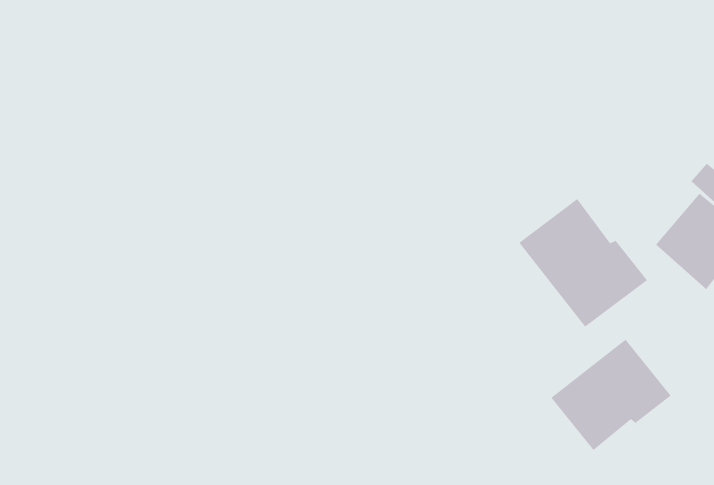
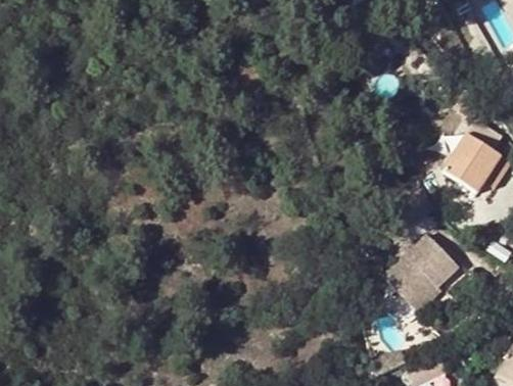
building: [519,198,648,328] -> none

